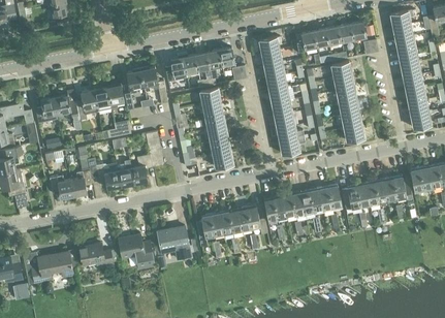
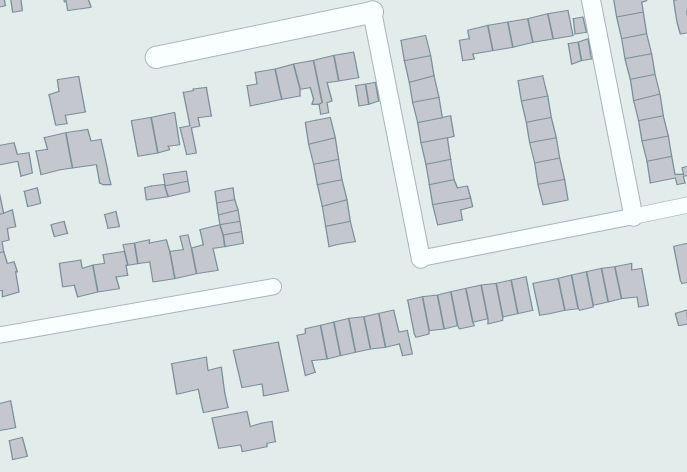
building: [140,67,167,103] -> none
building: [75,90,98,120] -> [49,77,86,125]
building: [411,167,433,191] -> none
building: [78,243,118,267] -> [212,411,276,452]
building: [31,251,73,283] -> none

